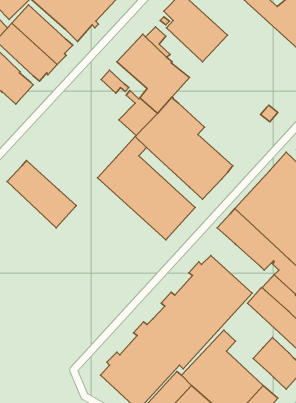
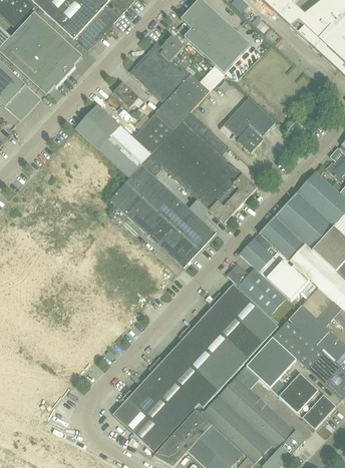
building: none -> [220,97,275,153]
building: [7,160,76,228] -> [76,104,151,177]
building: none -> [227,263,286,314]
building: none -> [247,337,296,387]

